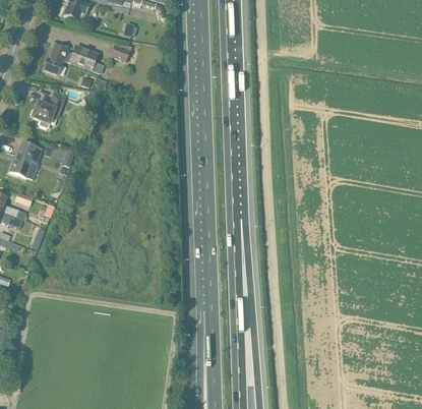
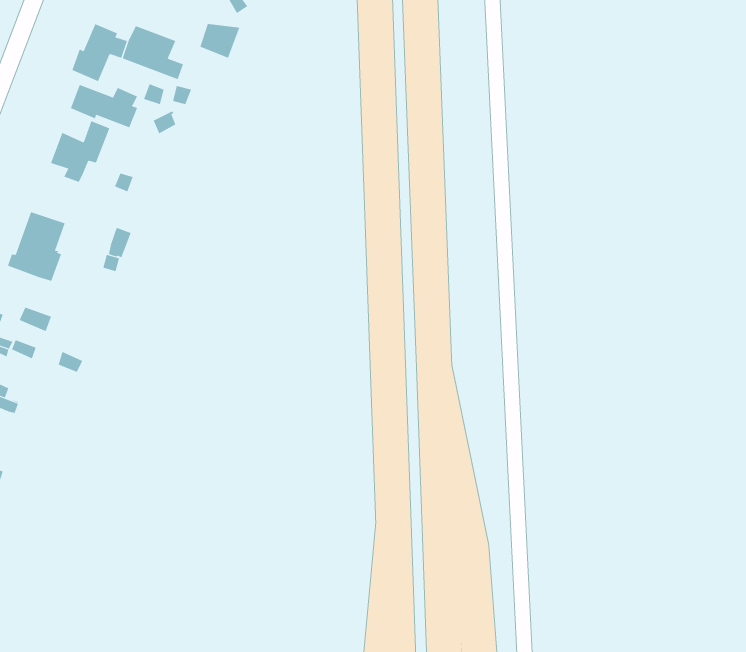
building: none -> [70,84,138,128]

